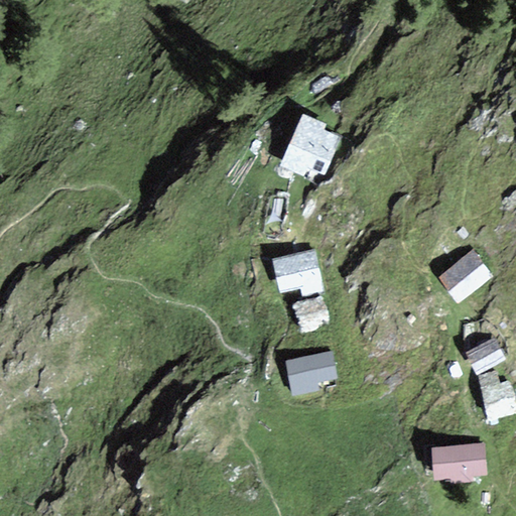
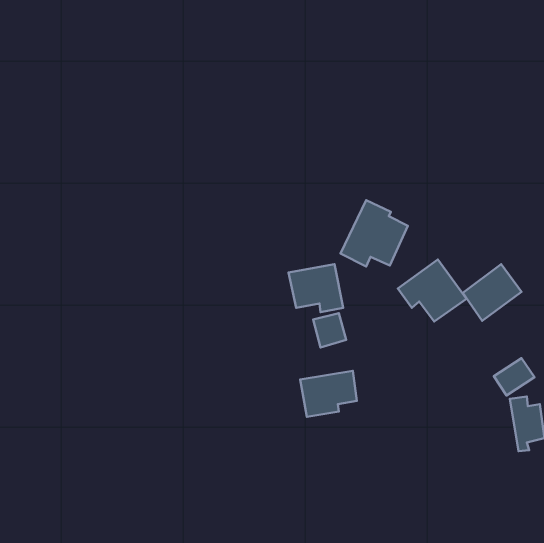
building: [279,114,343,176] -> [341,200,408,266]
building: none -> [398,260,467,322]
building: [430,443,486,482] -> none

